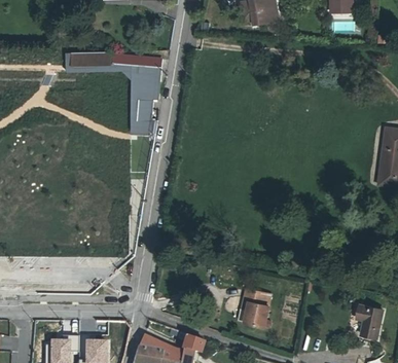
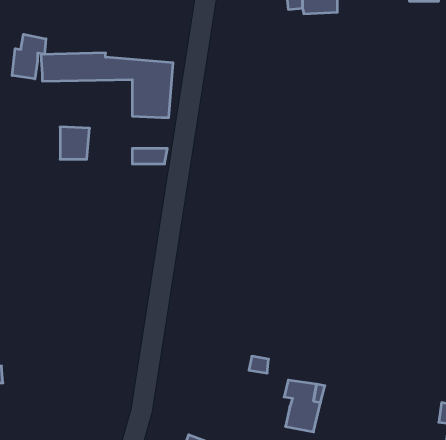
building: none -> [12,34,46,79]
building: [131,96,152,119] -> [60,127,90,159]

